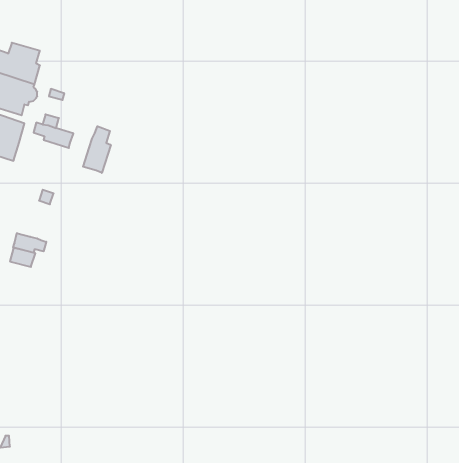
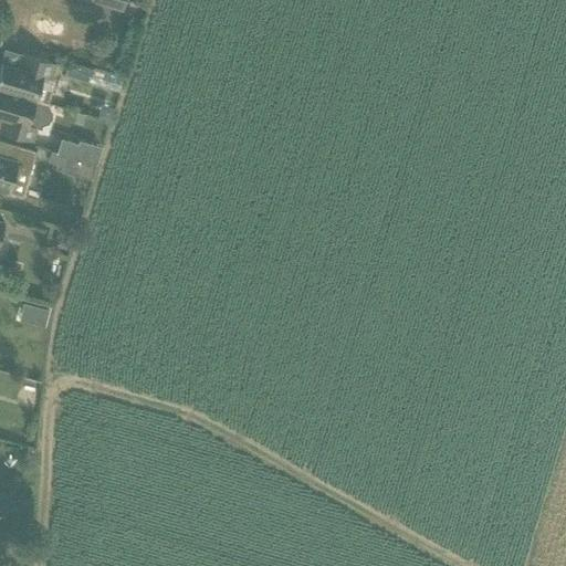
building: [83,126,111,173] -> none
building: [13,233,46,253] -> none

